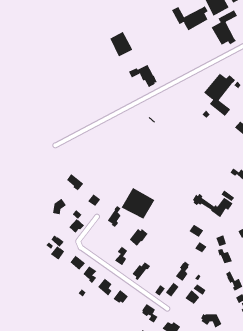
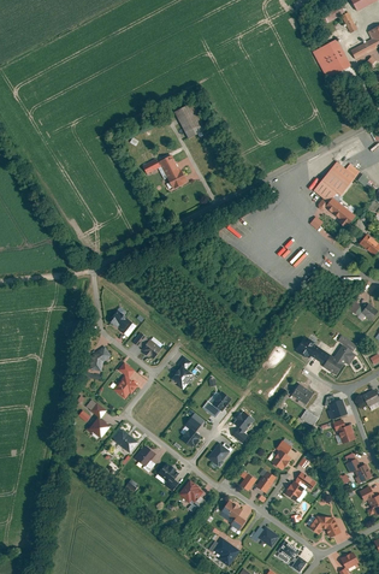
building: [171,5,209,31] -> none
building: [211,9,238,45] -> none
building: [128,64,158,88] -> [143,154,186,189]
building: [121,187,155,219] -> none

